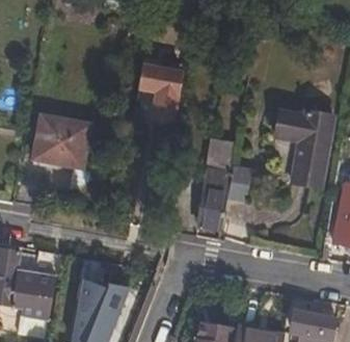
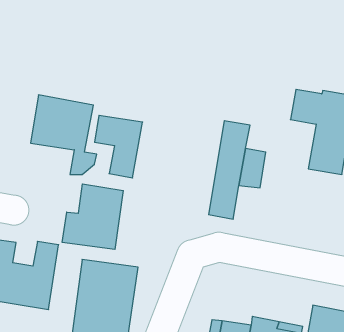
building: [137,64,182,123] -> [95,115,143,178]
building: none -> [62,184,123,249]

